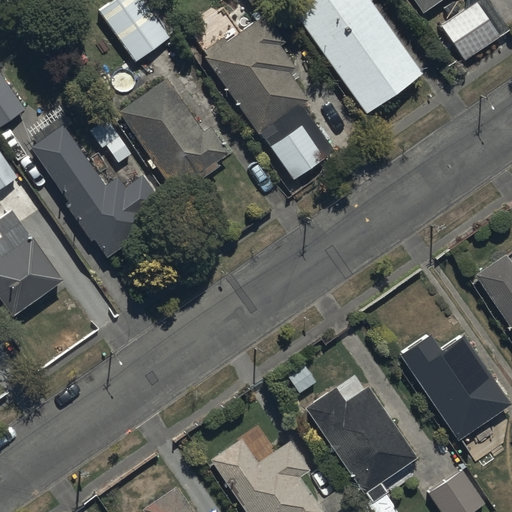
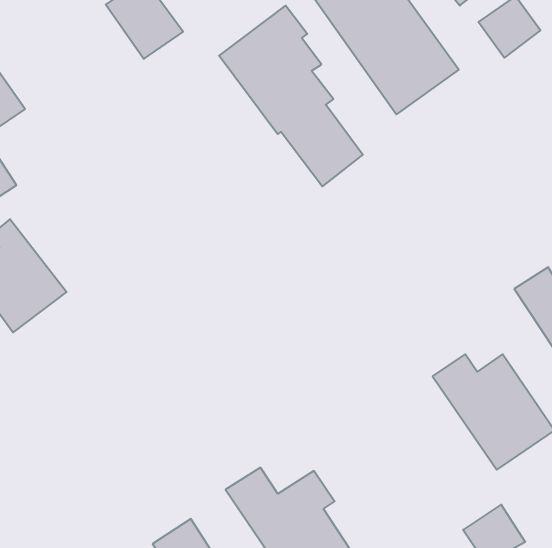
building: [117,77,229,188] -> none
building: [30,123,171,256] -> none
building: [303,385,416,492] -> none

